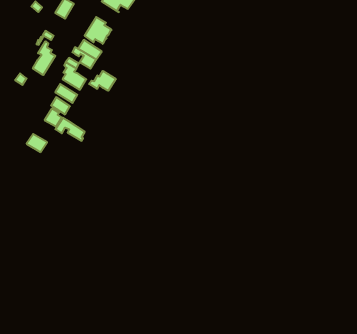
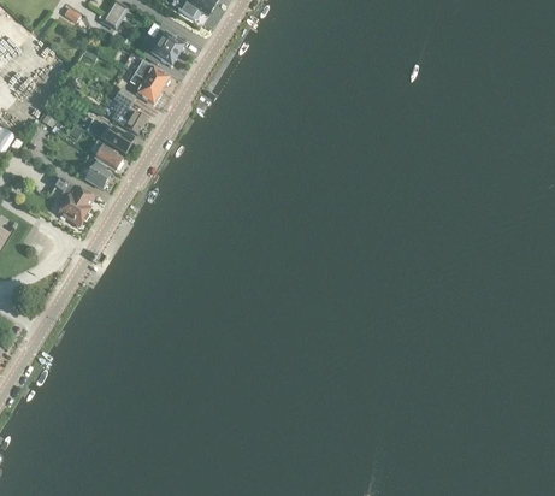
building: [33,41,55,75] -> none
building: [89,71,116,91] -> none
building: [55,118,85,141] -> [48,178,91,212]

